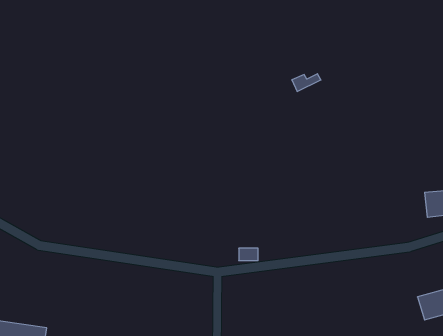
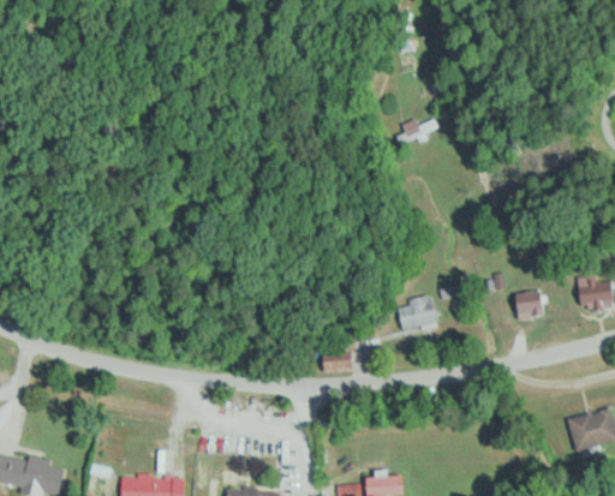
building: none -> [517,293,543,317]
building: none -> [395,295,438,330]

